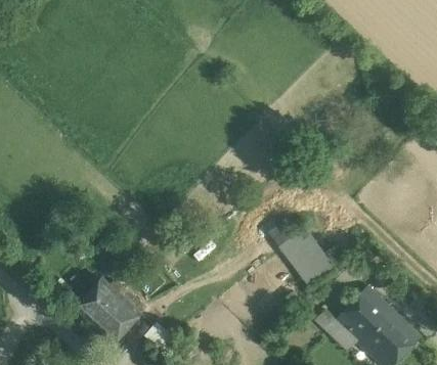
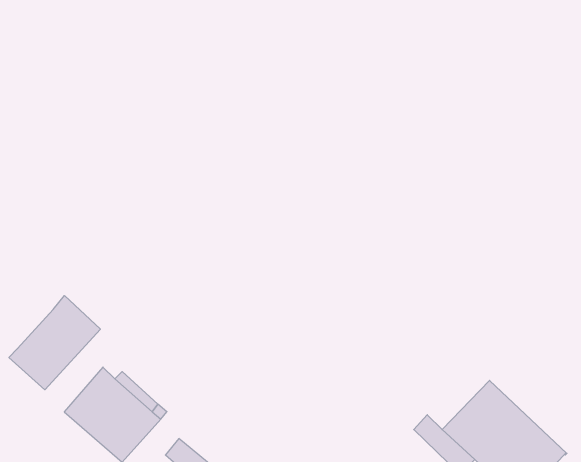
building: [279,227,335,286] -> none
building: none -> [9,296,100,390]

